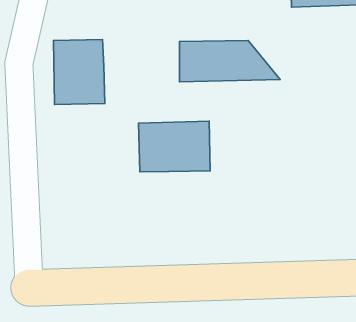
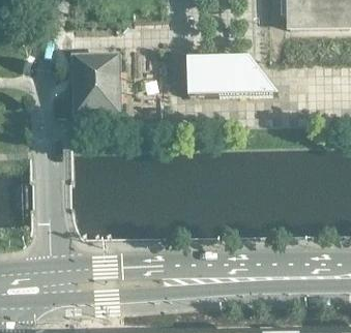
building: [139,121,210,172] -> none

